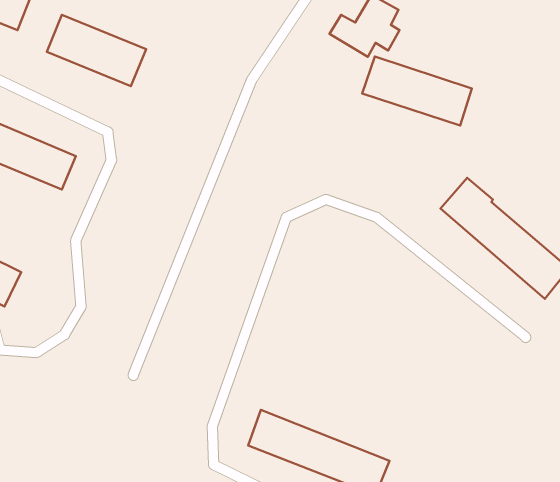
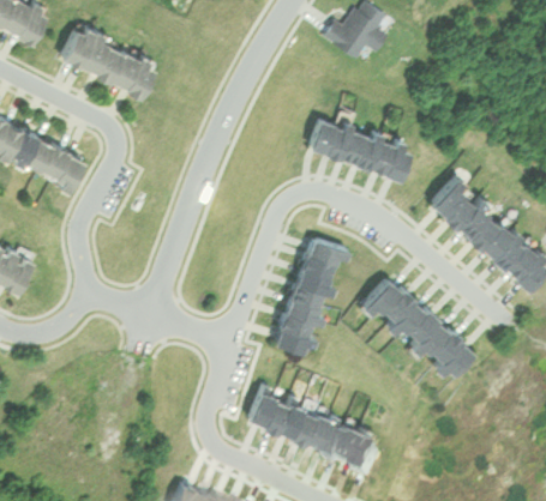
building: [362,57,472,125] -> [305,113,408,177]
building: none -> [276,240,349,358]
building: none -> [362,280,476,385]

